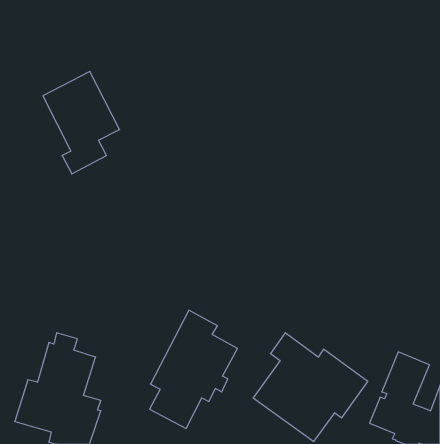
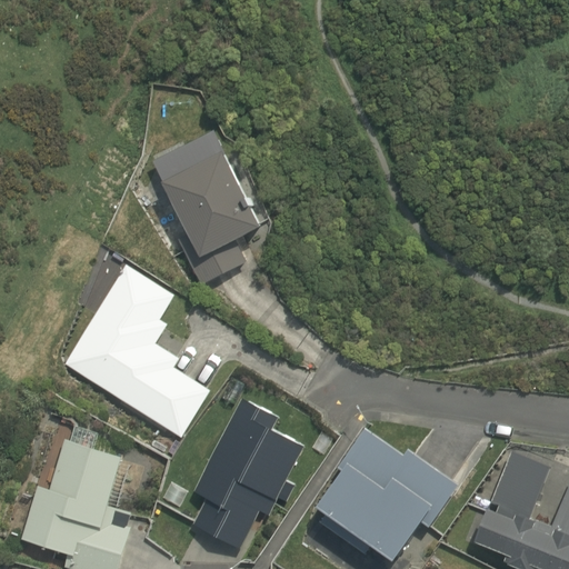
building: [43,71,120,174] -> [162,152,260,283]
building: none -> [61,264,208,437]

